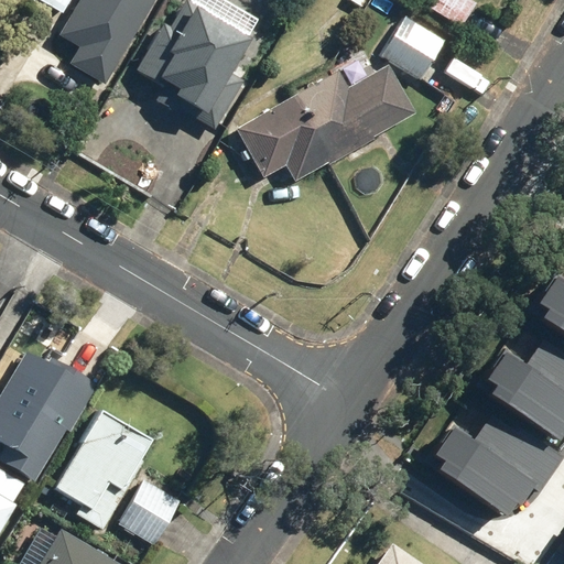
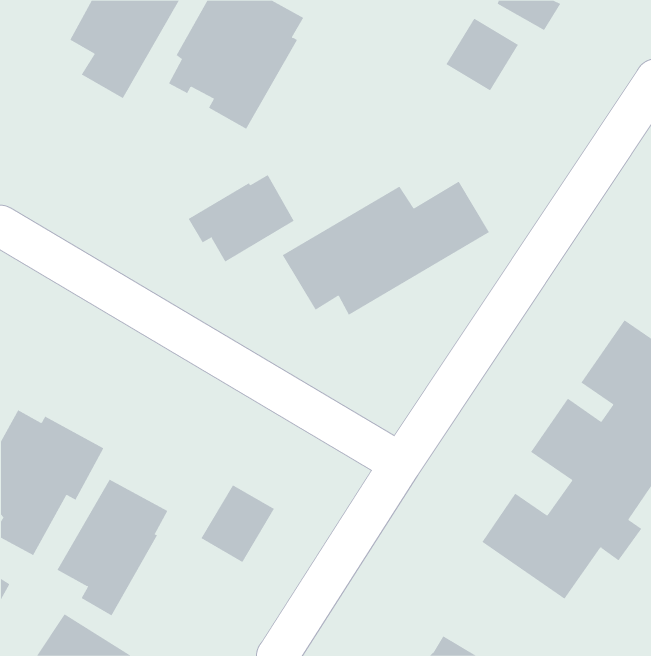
building: [242,64,421,180] -> [282,181,490,316]
building: none -> [188,174,294,263]
building: [115,477,178,544] -> [201,484,275,563]

